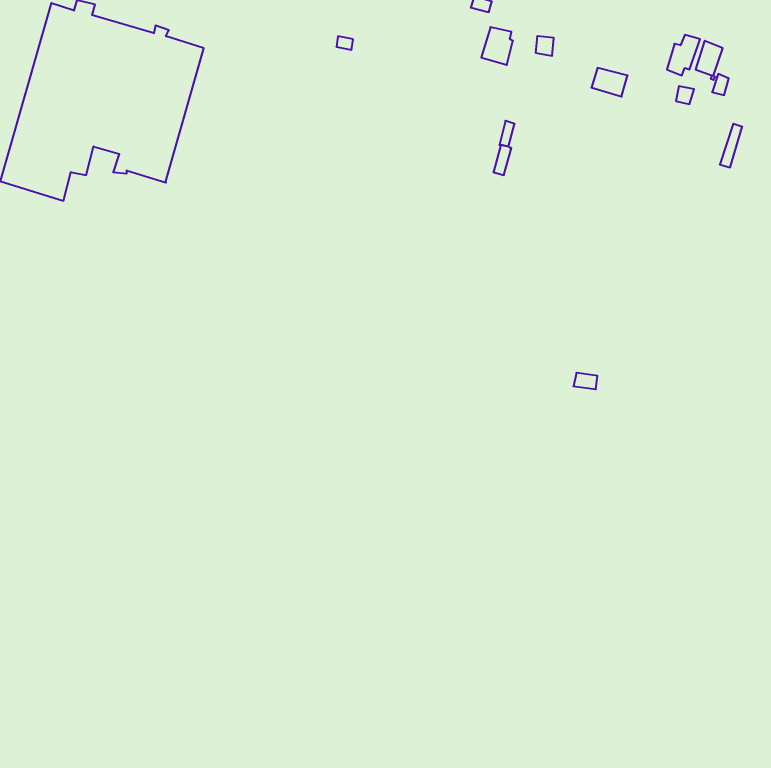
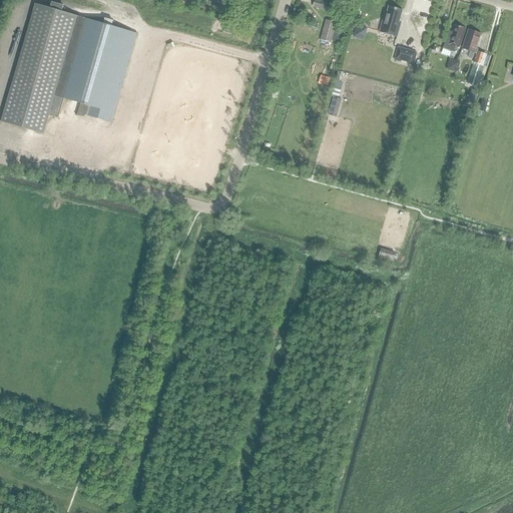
building: none -> [379,4,402,35]

